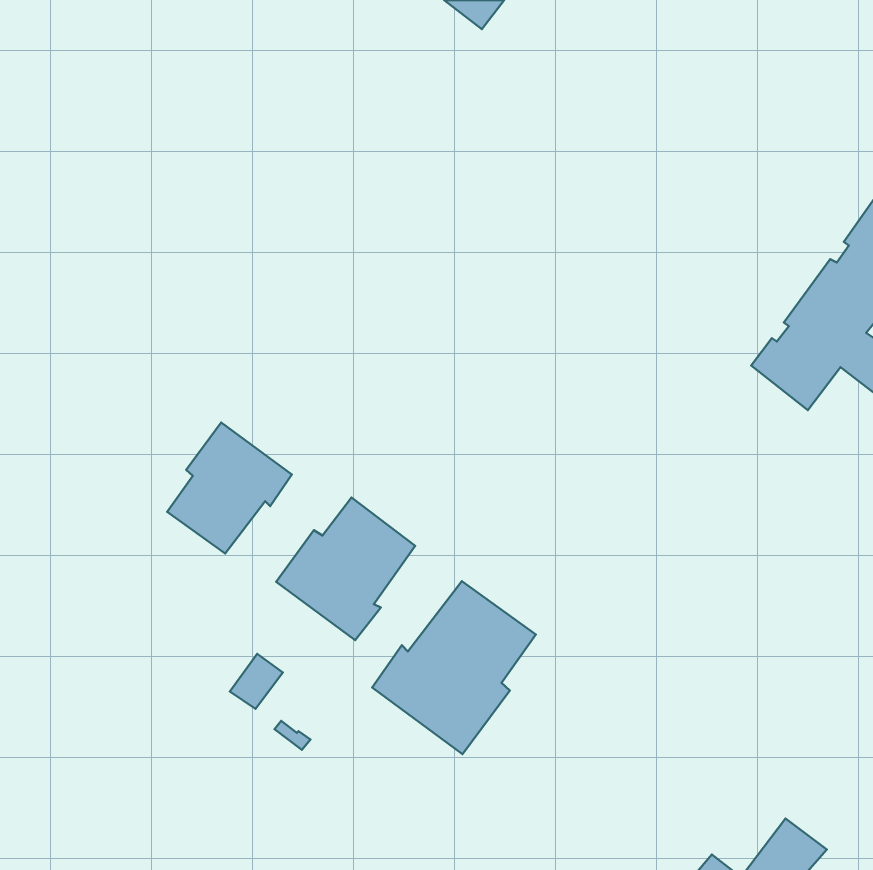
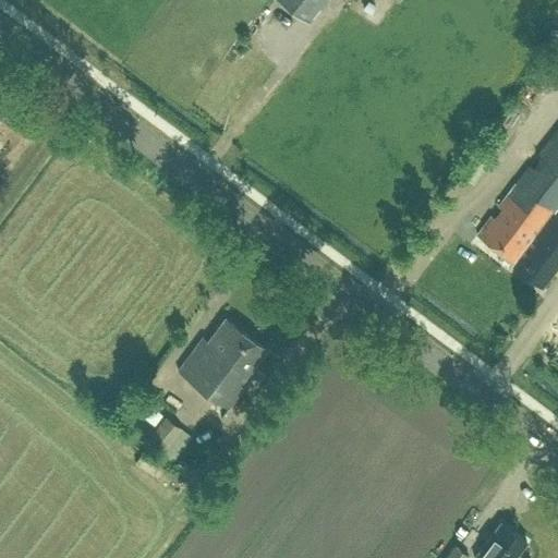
building: [167,422,292,553] -> none
building: [372,581,536,754] -> none

